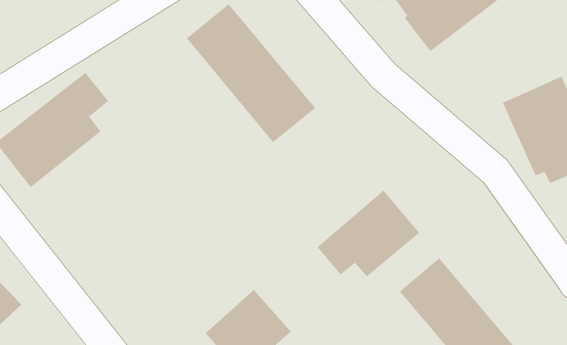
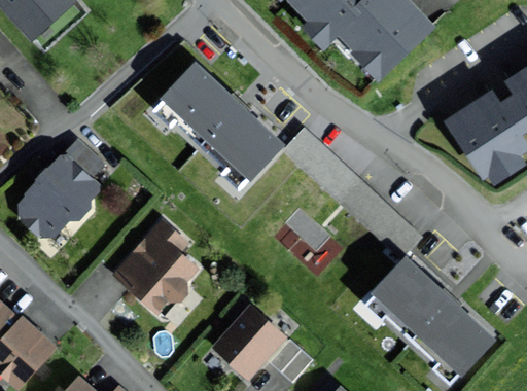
building: none -> [114,220,199,315]
building: [316,189,420,277] -> none

